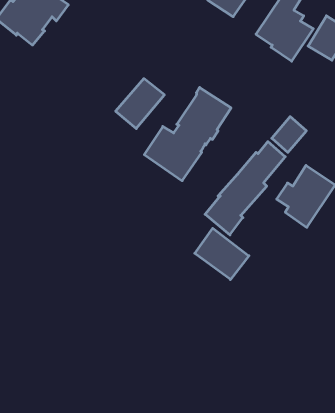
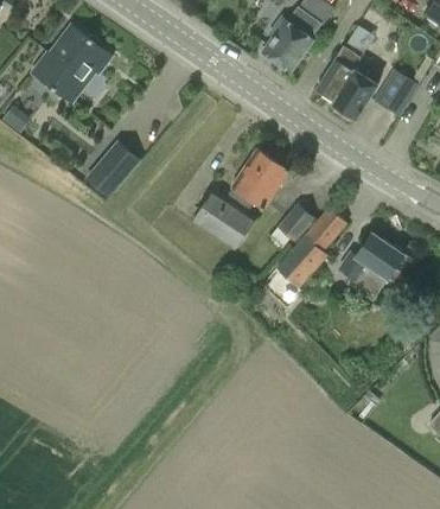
building: [116,79,164,129] -> [85,142,139,197]
building: [272,117,306,152] -> [278,203,315,242]
building: [195,228,249,280] -> none

